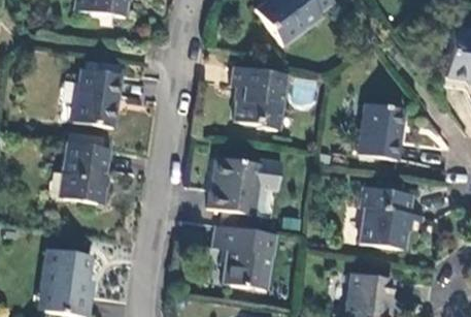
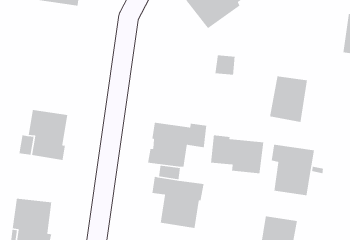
building: [232,64,287,128] -> none
building: [73,68,123,127] -> none
building: none -> [210,135,264,174]

